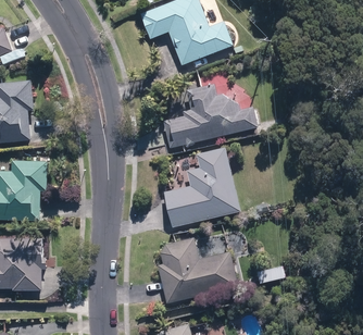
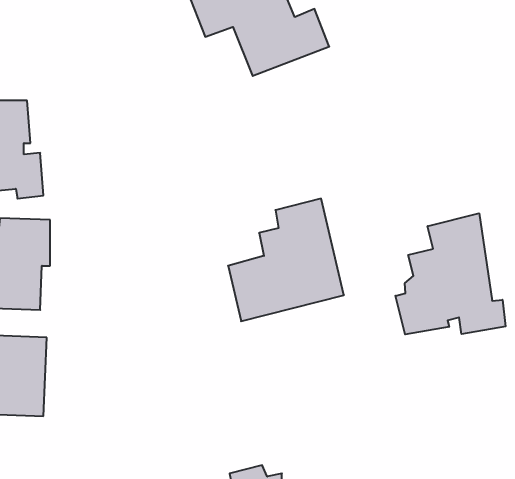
building: [161,71,256,148] -> none
building: none -> [395,213,506,334]
building: [157,227,237,303] -> none

